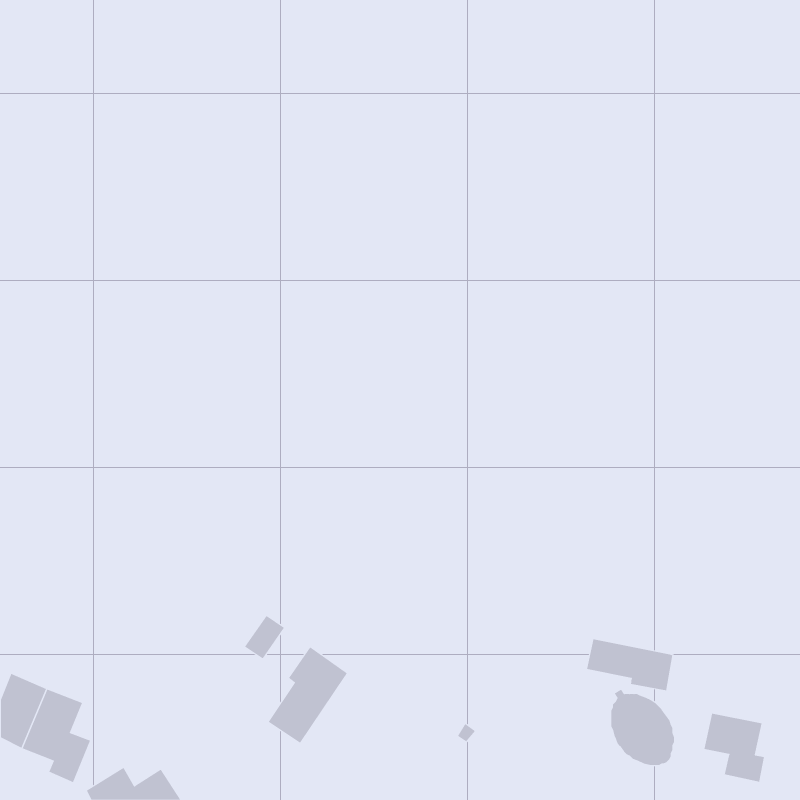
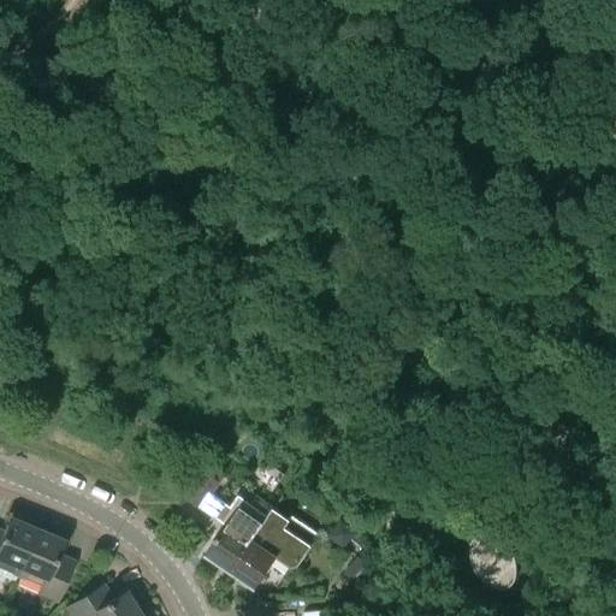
building: [587,638,673,691] -> none
building: none -> [231,509,315,588]
building: [704,713,764,783] -> none

